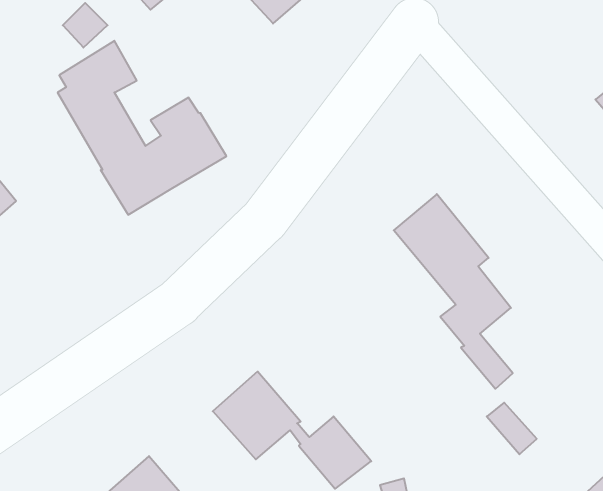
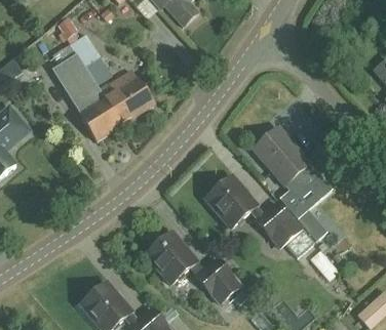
building: none -> [206,174,312,256]

